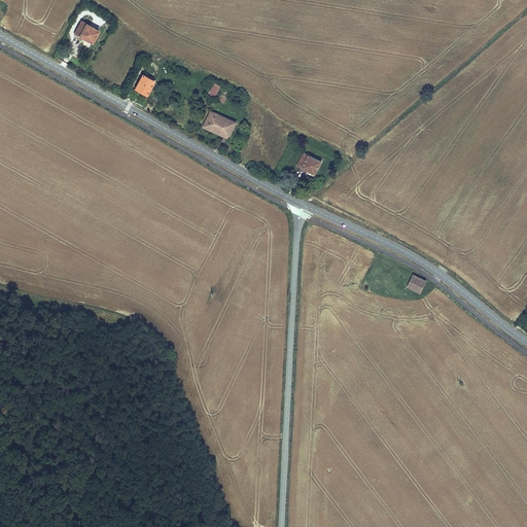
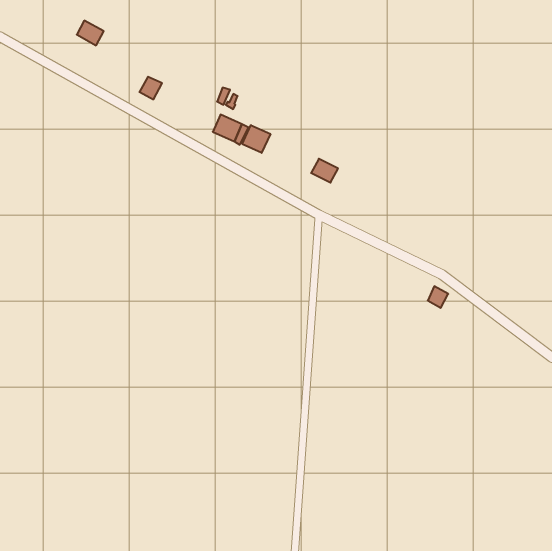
building: none -> [242,125,270,153]

